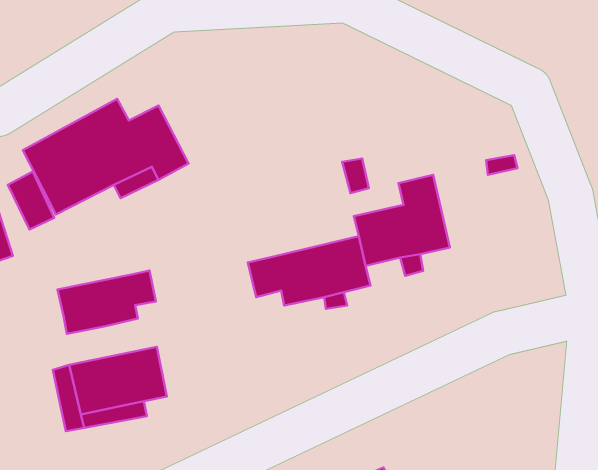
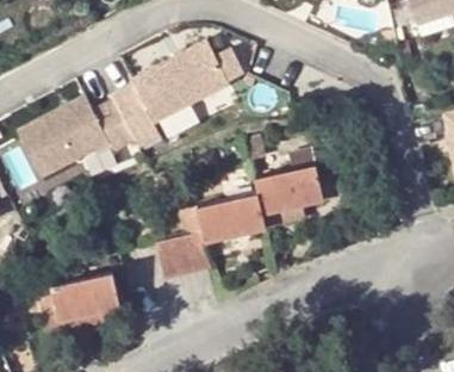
building: none -> [114,41,245,145]
building: [58,271,156,334] -> none
building: none -> [156,233,212,281]

